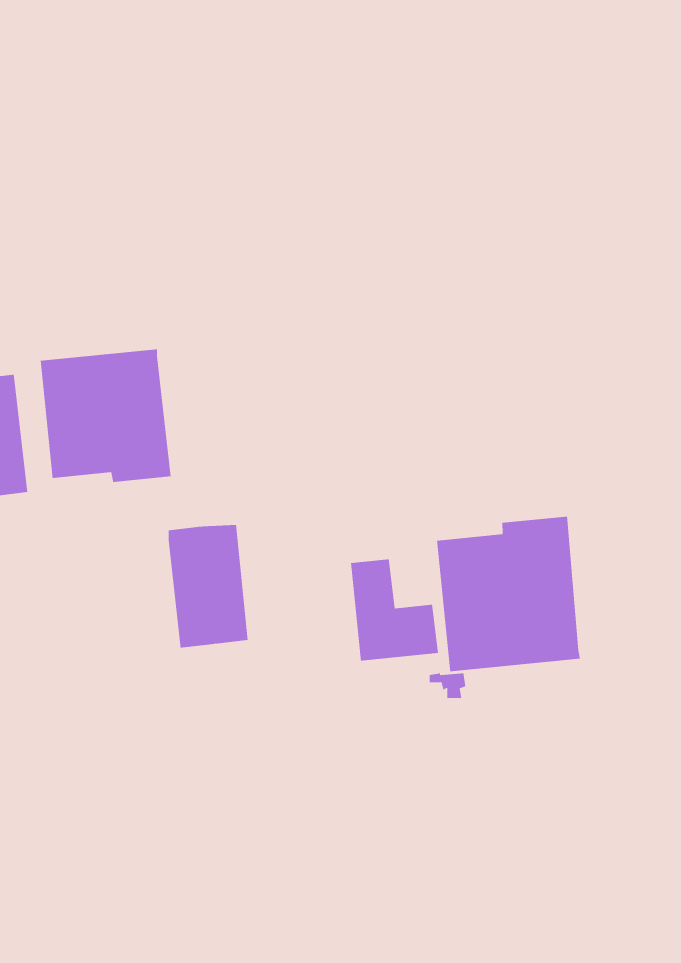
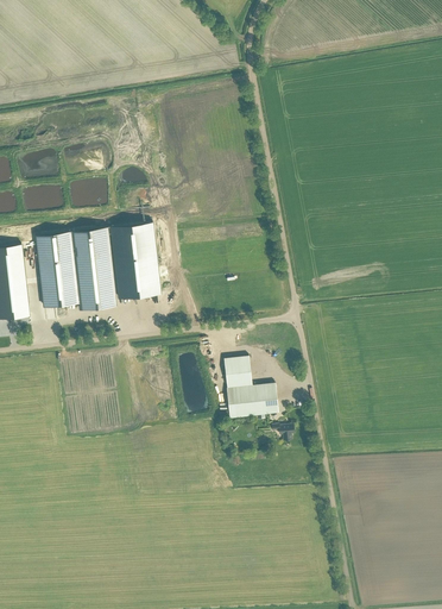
building: [437,516,581,672] -> none
building: [168,524,248,648] -> [111,224,159,299]

